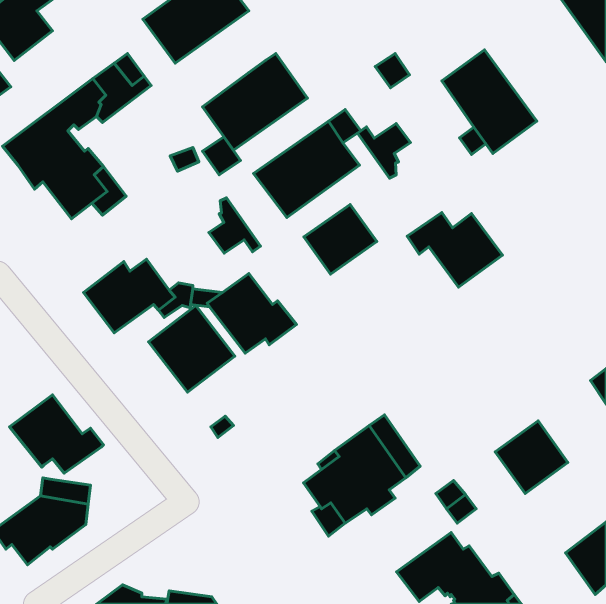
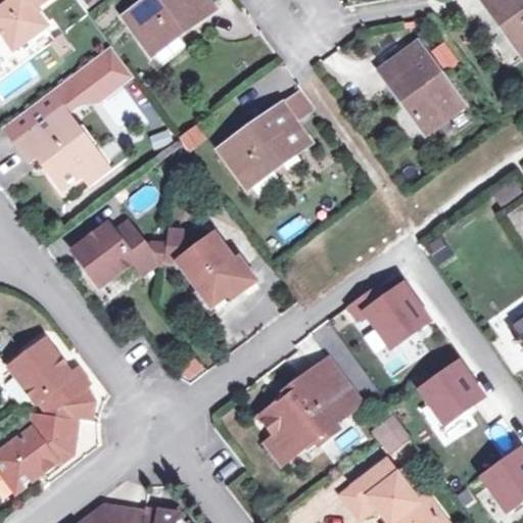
building: [203,53,308,150] -> none
building: [358,123,410,178] -> none
building: [209,198,261,253] -> none
building: [304,204,377,274] -> none
building: [407,212,503,287] -> [349,284,431,348]
building: [148,306,235,392] -> none
building: none -> [38,384,93,418]

